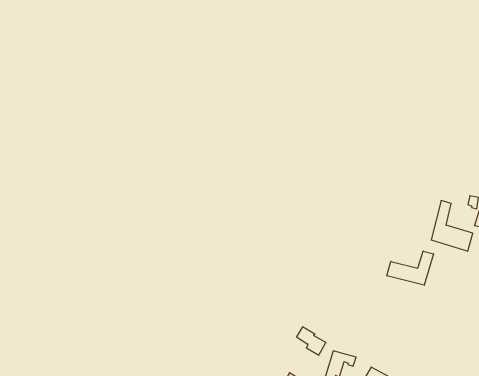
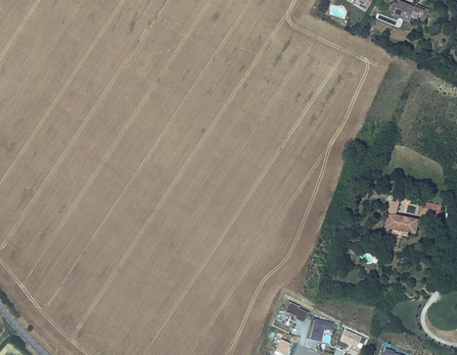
building: [387,251,434,285] -> none

